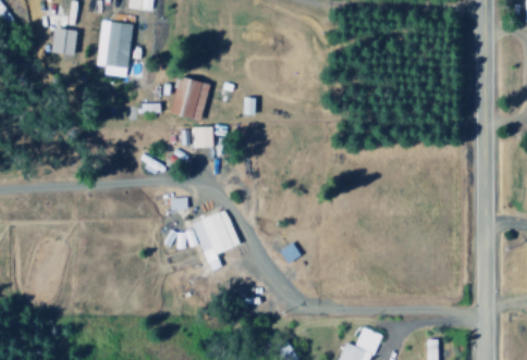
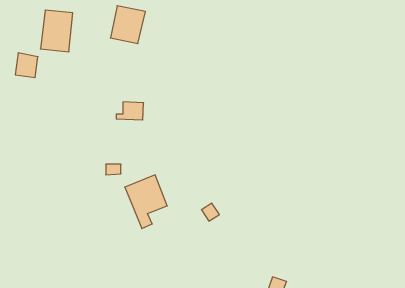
building: [53,27,79,55] -> [15,53,38,78]
building: [171,77,211,121] -> [110,6,145,44]

